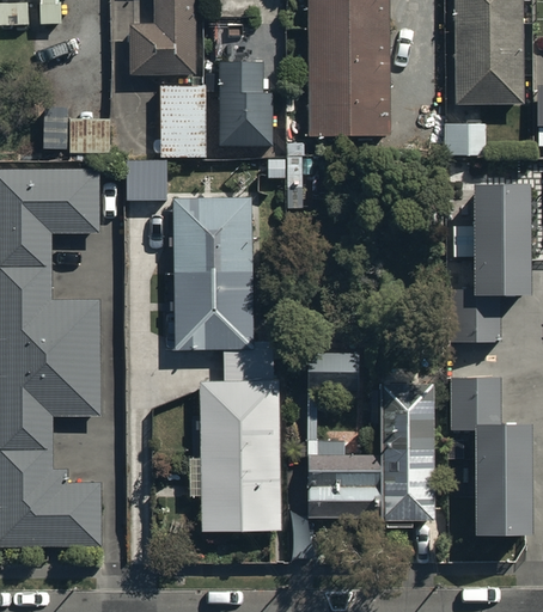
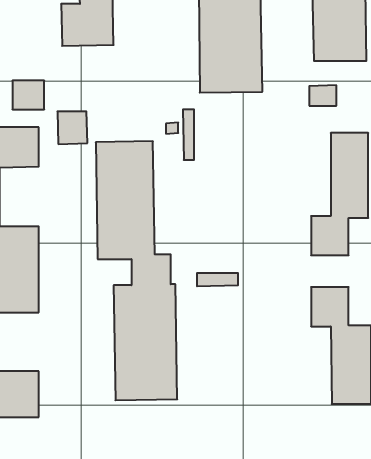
building: [218,61,272,147] -> none
building: [159,84,203,155] -> none
building: [310,377,435,520] -> none

